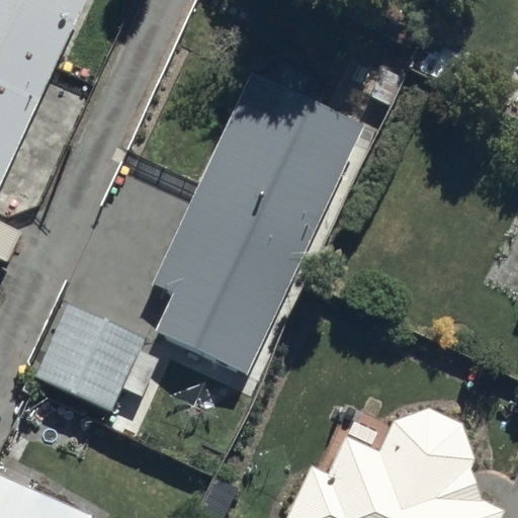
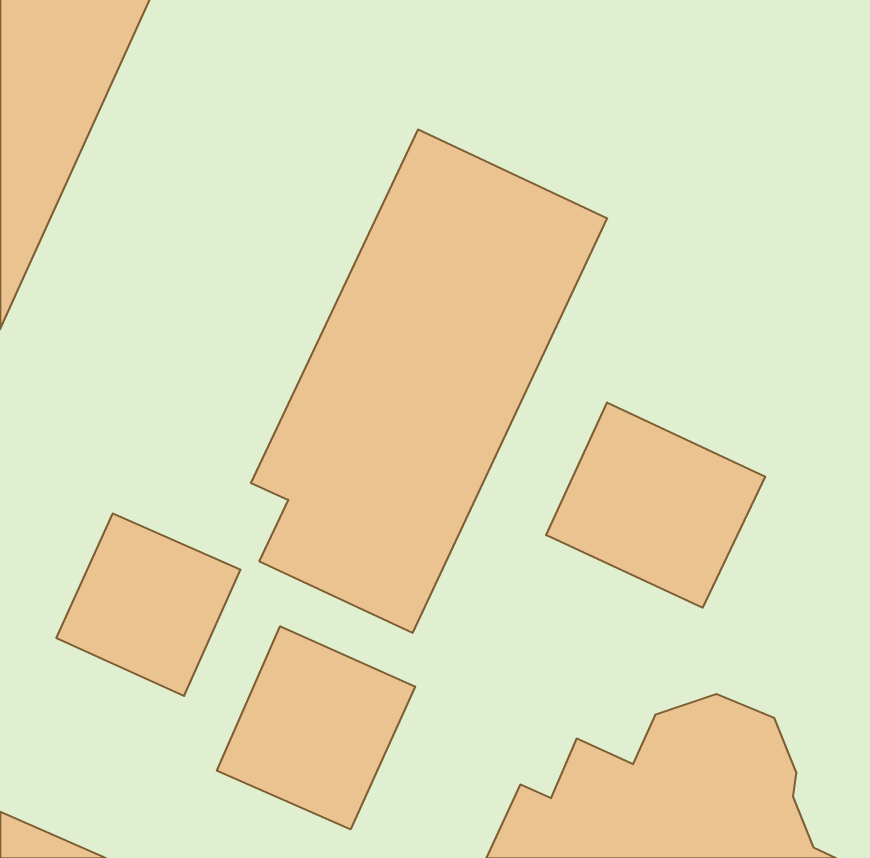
building: none -> [546,402,765,608]
building: none -> [217,626,415,829]

